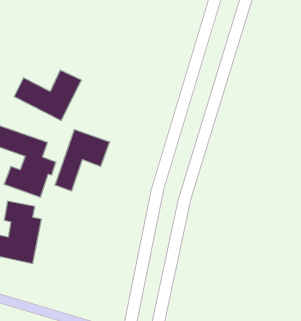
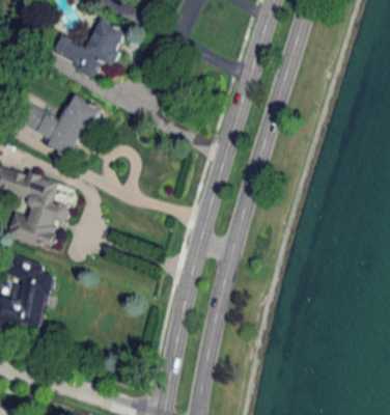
building: none -> [52,18,129,76]
building: [55,130,110,191] -> none

